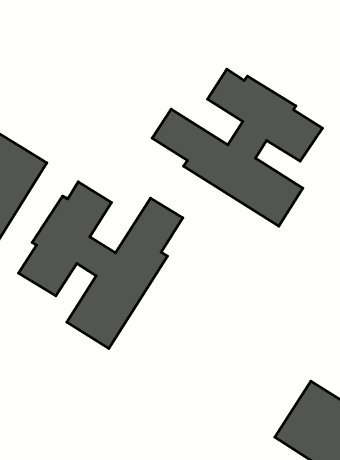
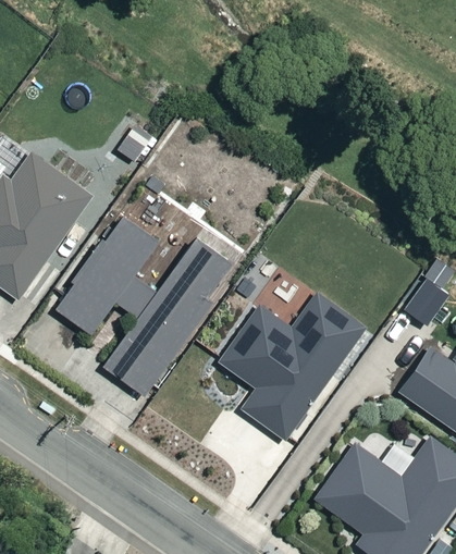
building: [152,69,322,226] -> none
building: none -> [217,292,368,442]

